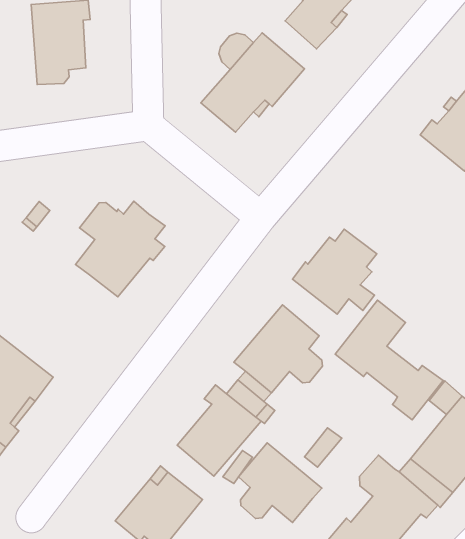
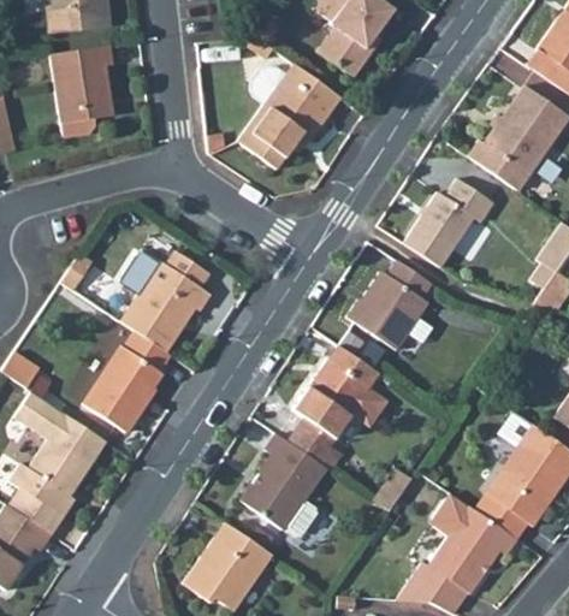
building: none -> [403,178,493,268]
building: none -> [83,331,170,432]
building: [335,300,443,420] -> none
building: [239,443,322,523] -> none

